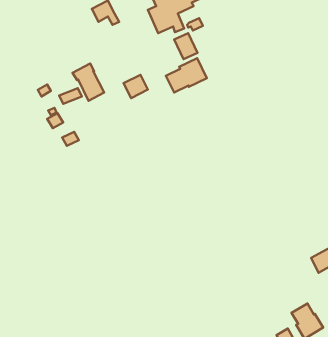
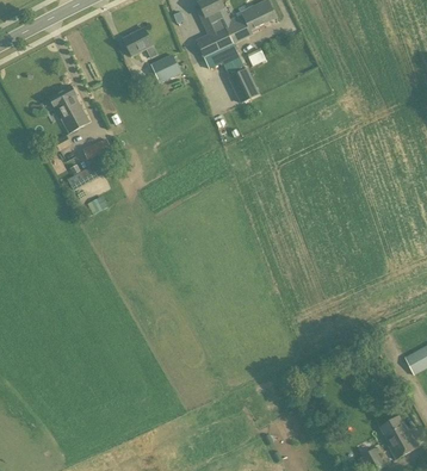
building: [166,58,207,93] -> none
building: [73,64,104,101] -> [49,86,89,134]
building: [124,75,148,98] -> [150,54,181,83]

